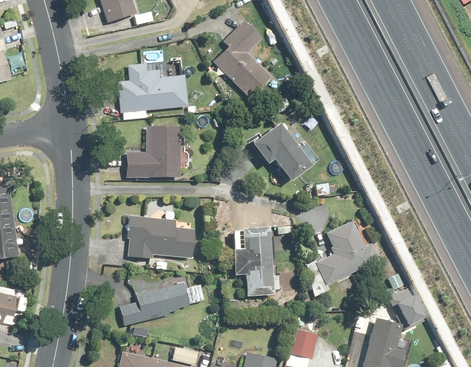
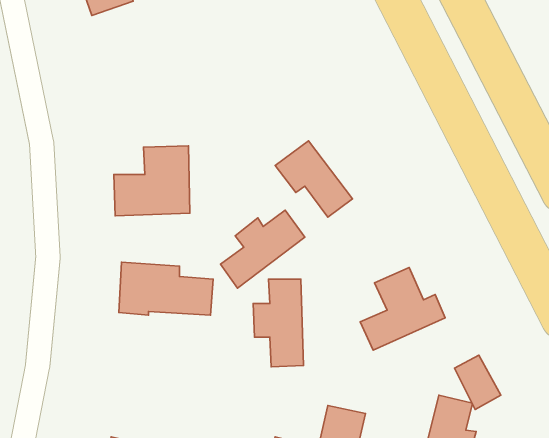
building: [210,20,274,98] -> none
building: [117,60,189,120] -> none
building: none -> [220,210,305,288]
building: [120,283,188,324] -> none

